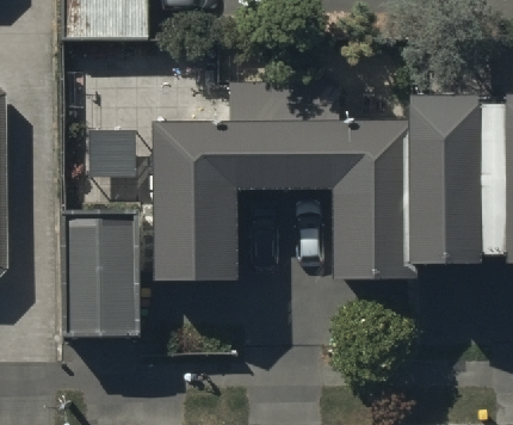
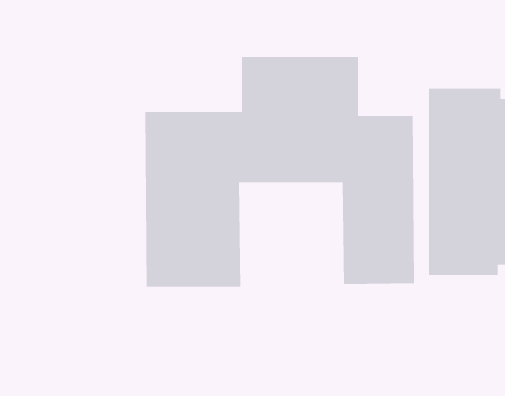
building: [58,210,142,341] -> none

